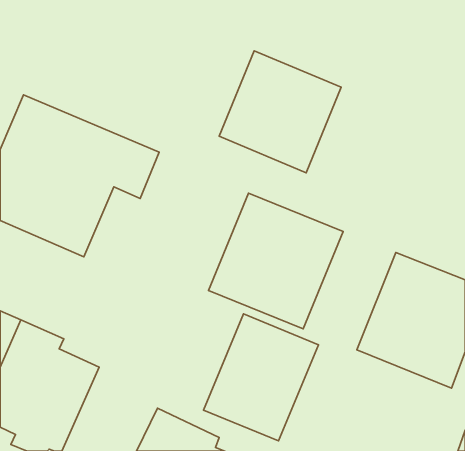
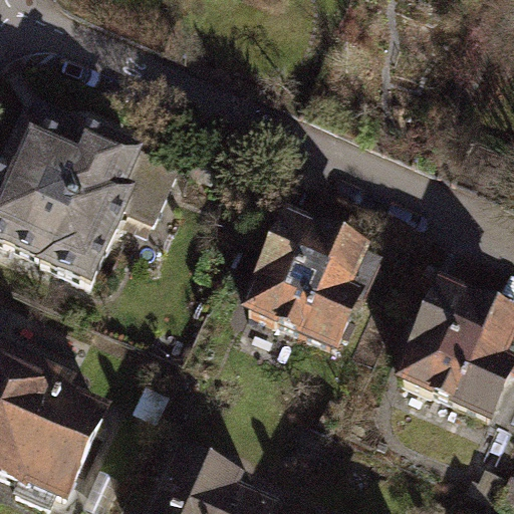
building: [219,51,341,173] -> none
building: [203,314,318,441] -> none

